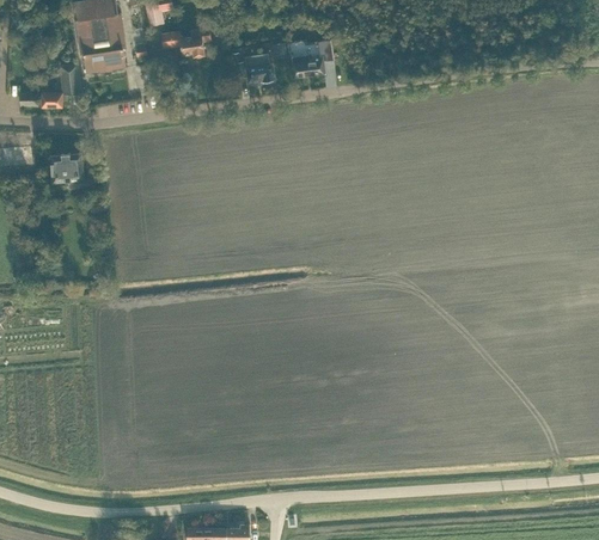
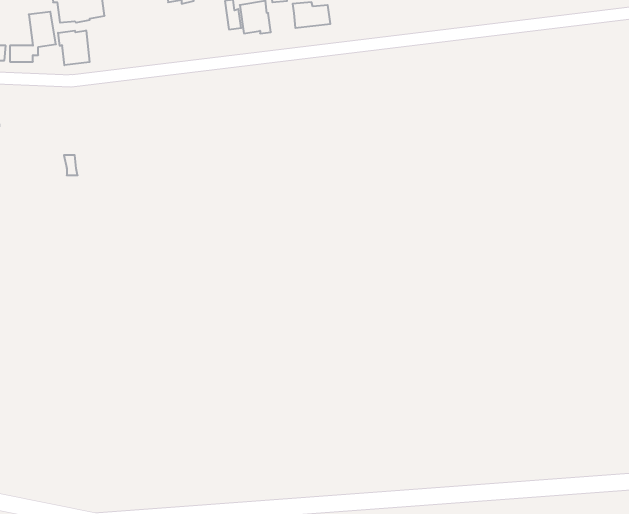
building: none -> [58,30,90,65]
building: [48,154,81,183] -> none

